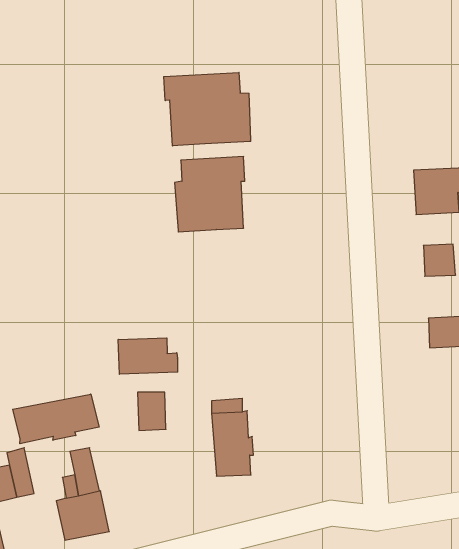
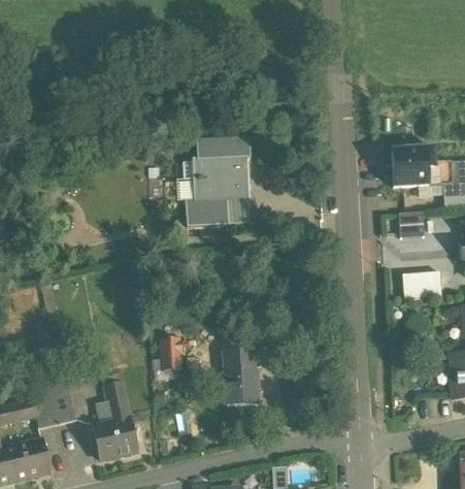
building: [164,72,251,146] -> none
building: none -> [186,199,228,227]
building: [118,338,178,374] -> none
building: [13,394,99,444] -> none

